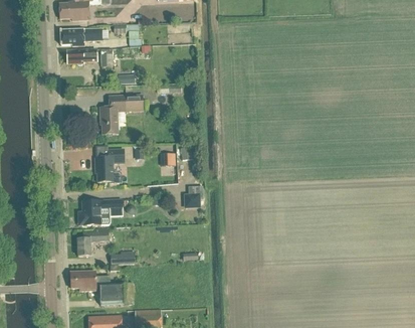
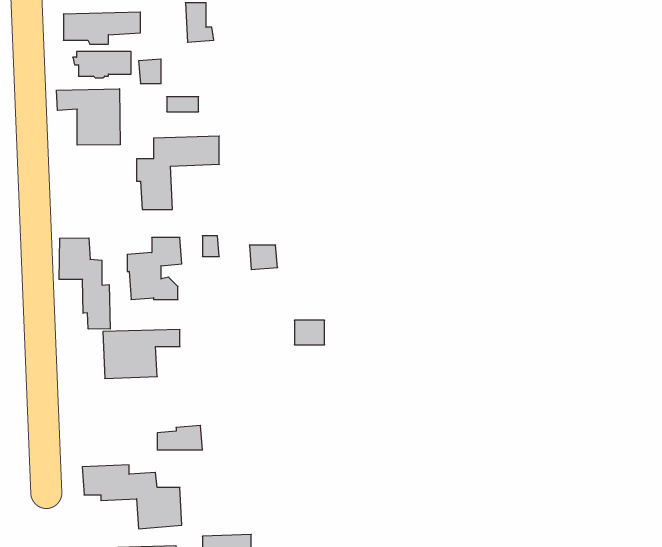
building: none -> [57,89,120,145]
building: none -> [59,238,110,329]
building: [77,231,109,256] -> none

